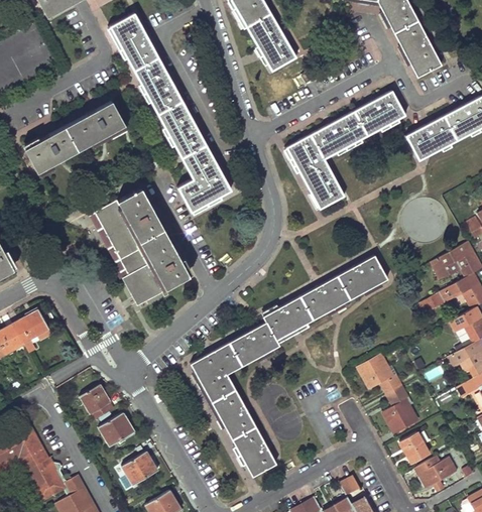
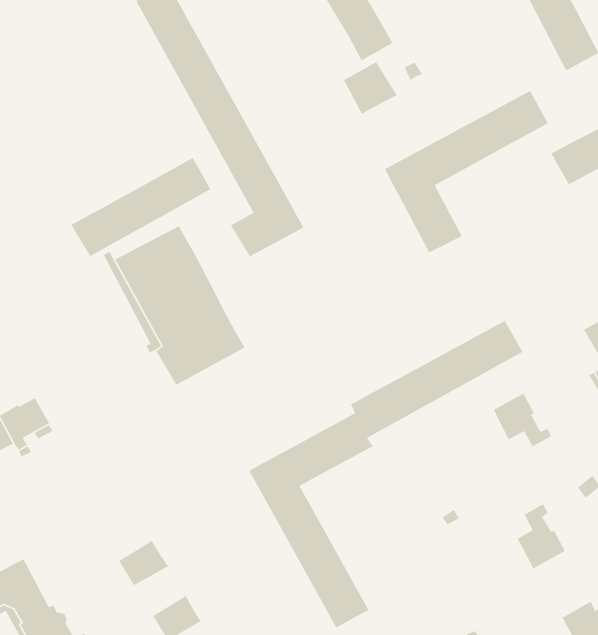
building: none -> [343,61,398,115]
building: [23,101,124,172] -> [70,157,211,257]
building: [359,355,401,394] -> [493,393,552,448]
building: [80,384,114,420] -> none
building: [399,431,430,464] -> none

